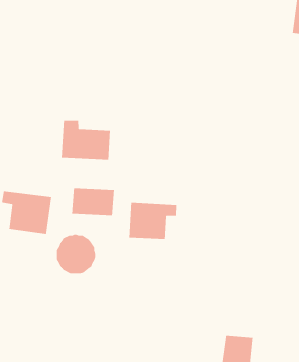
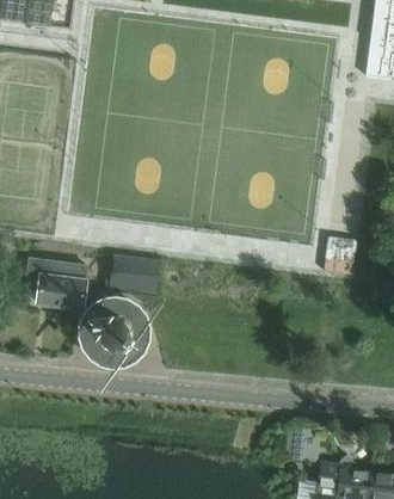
building: [61,120,111,160] -> none
building: [129,202,177,240] -> none

